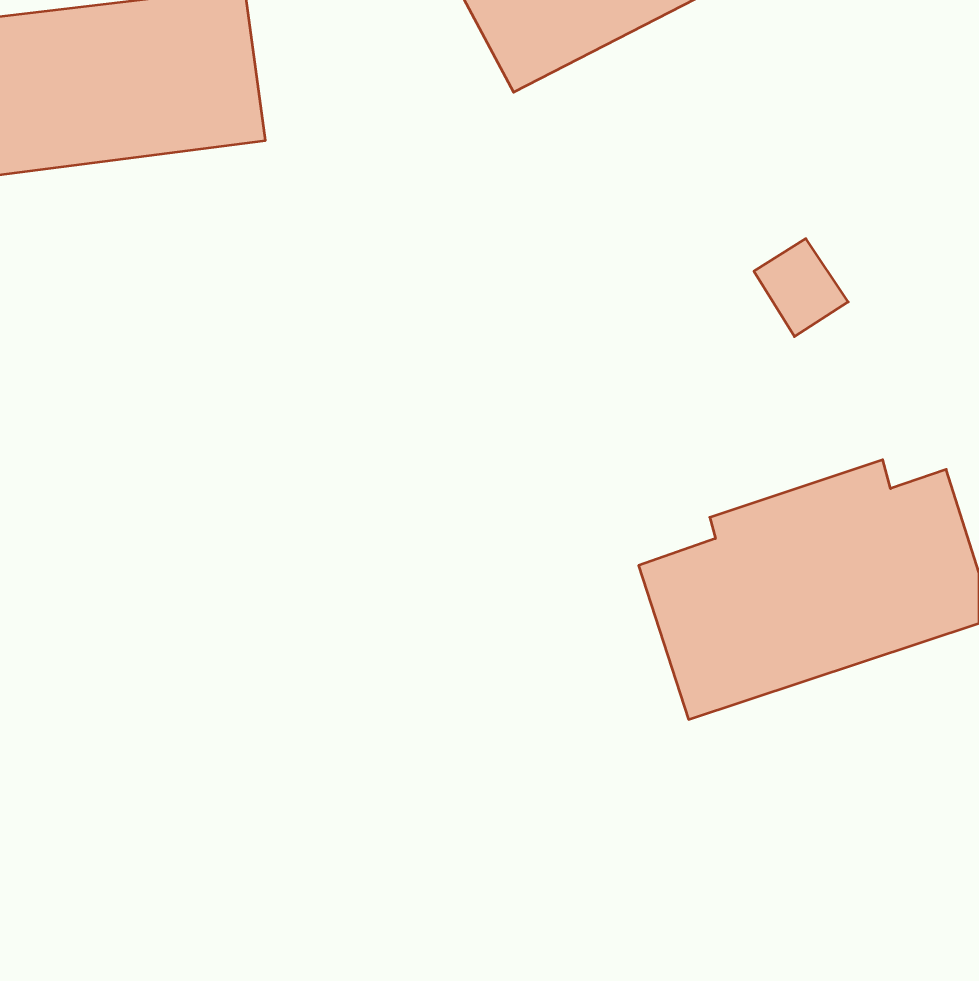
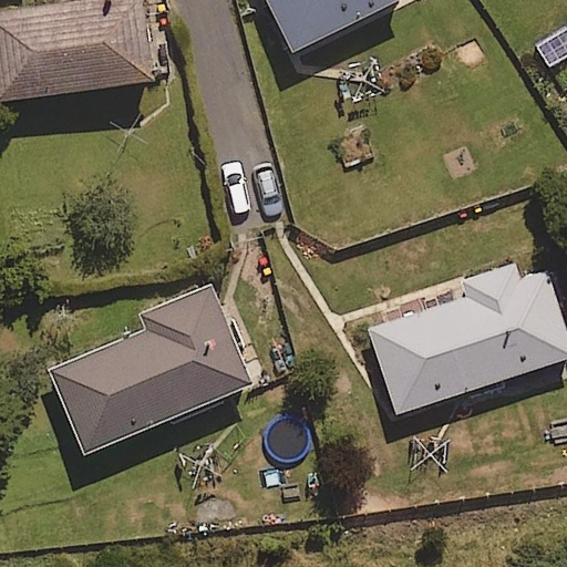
building: none -> [50,282,252,454]

